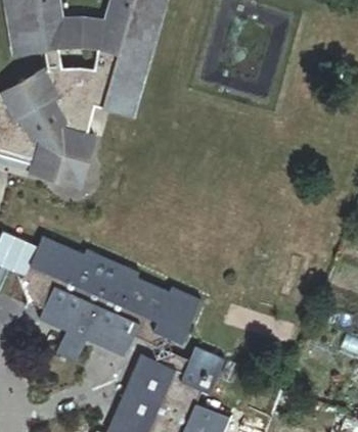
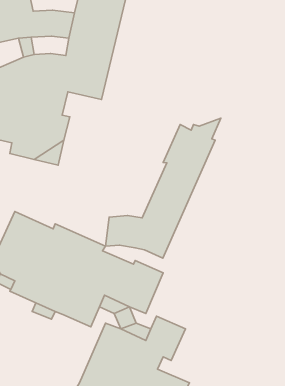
building: none -> [105,118,221,258]

